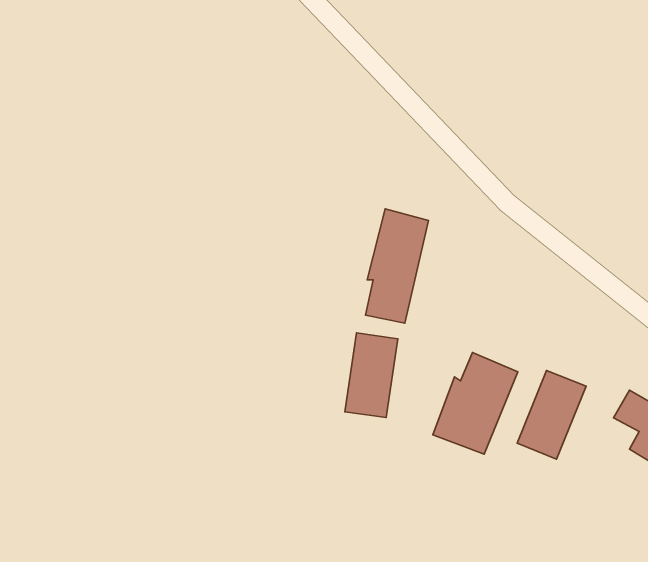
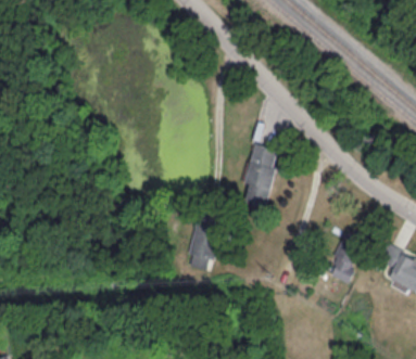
building: [345,333,398,418] -> [188,223,217,270]
building: [433,352,518,454] -> none

